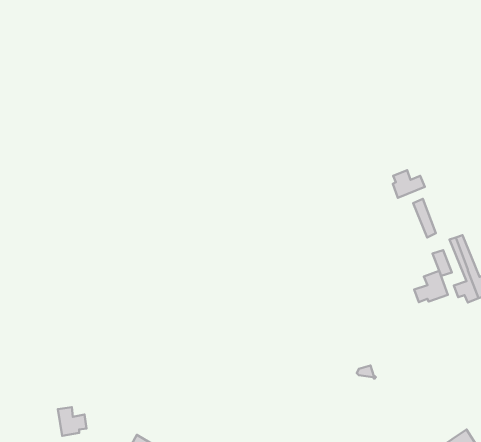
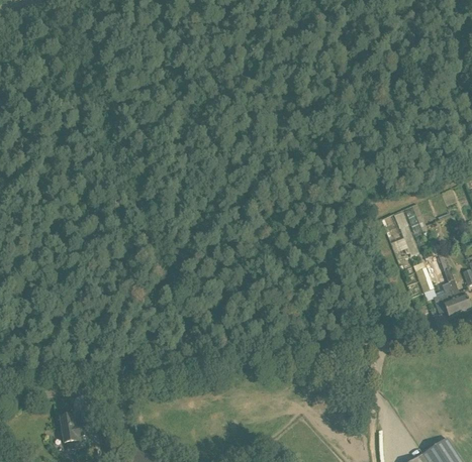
building: [393,170,425,198] -> none
building: [414,271,448,302] -> none

